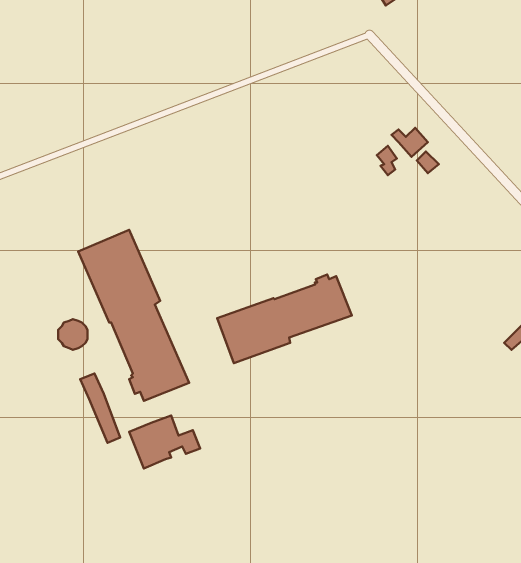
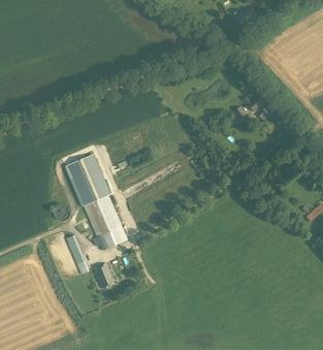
building: [217,275,352,363] -> none

